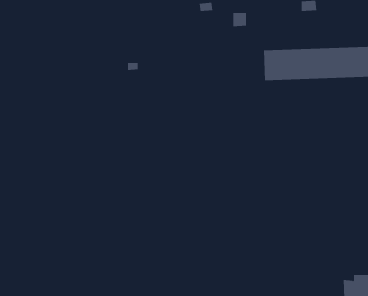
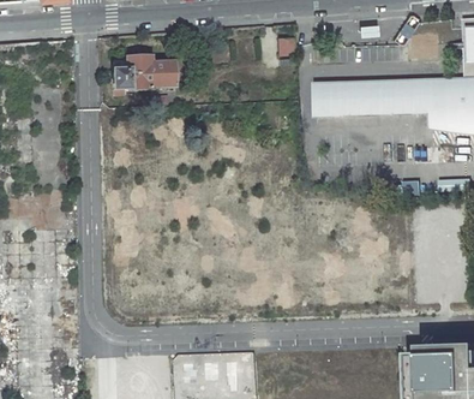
building: none -> [110,58,172,95]

